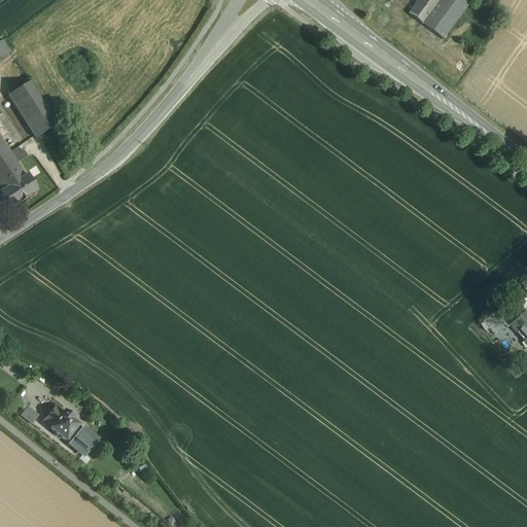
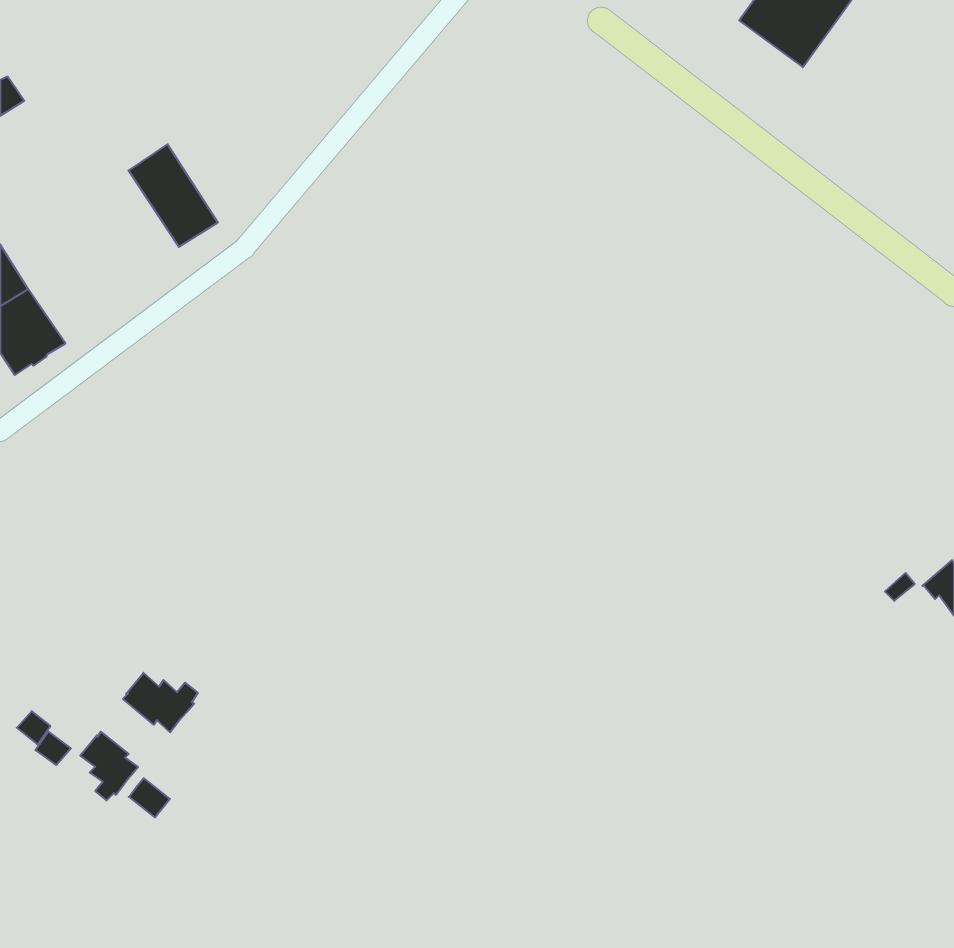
building: [7,79,57,136] -> [128,144,218,247]
building: none -> [123,673,198,732]

